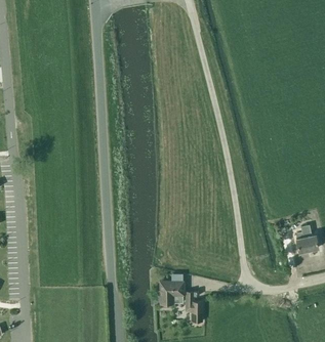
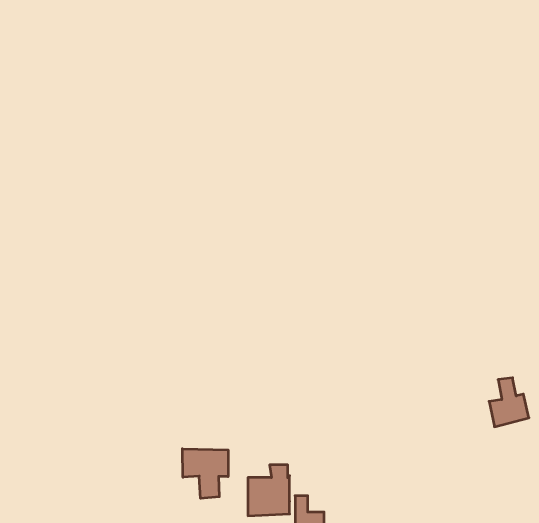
building: none -> [182,449,228,498]

